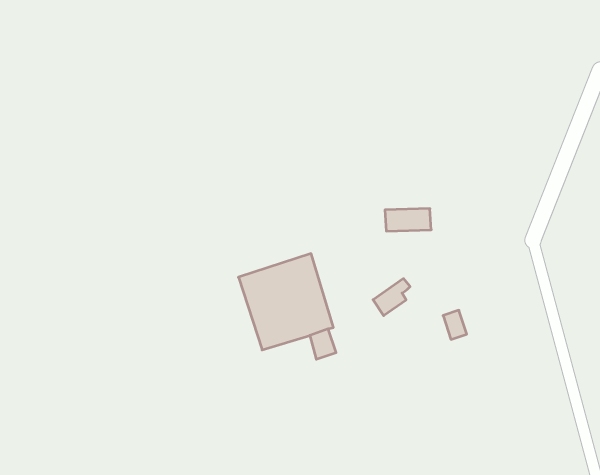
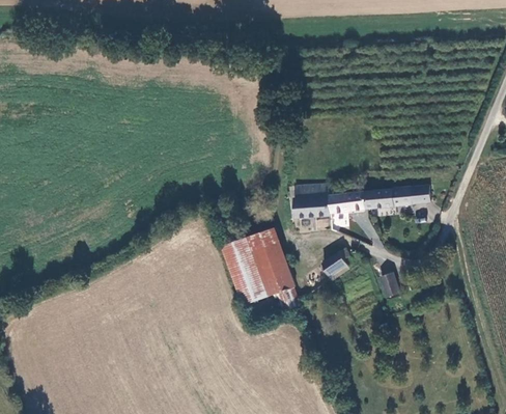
building: none -> [298,183,335,217]
building: none -> [369,190,433,210]

